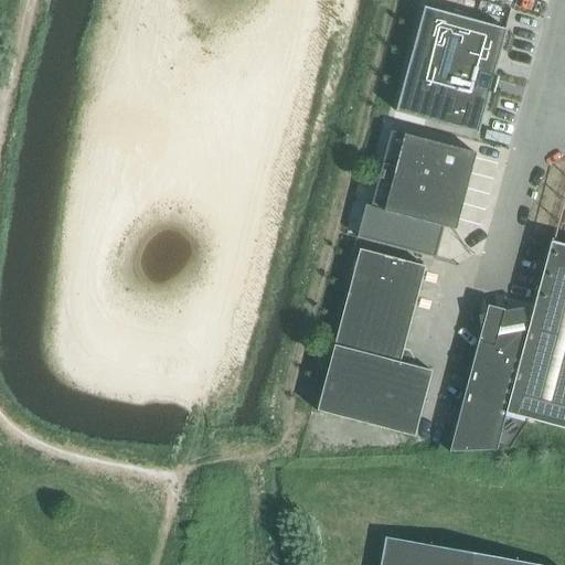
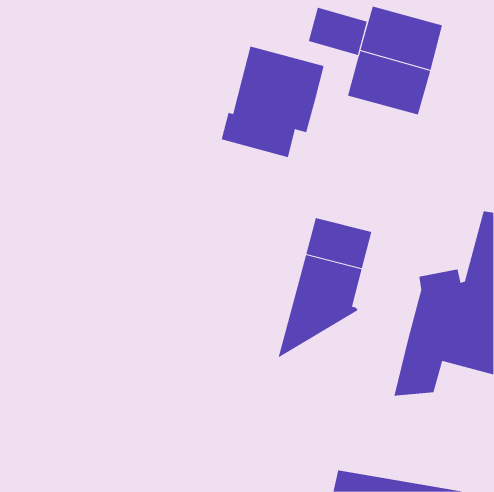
building: none -> [308,7,368,56]
building: [358,129,476,257] -> [221,46,324,158]
building: [317,354,431,435] -> none

